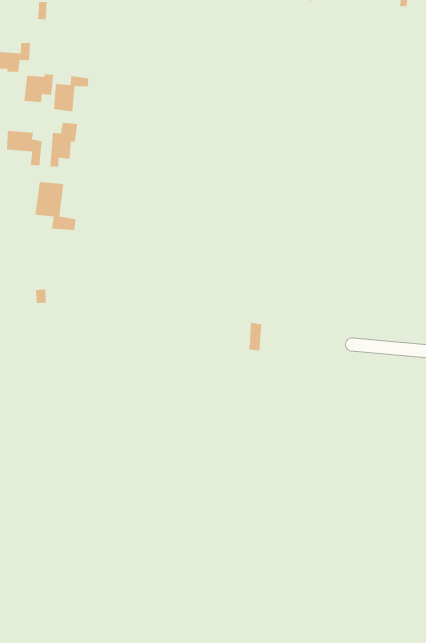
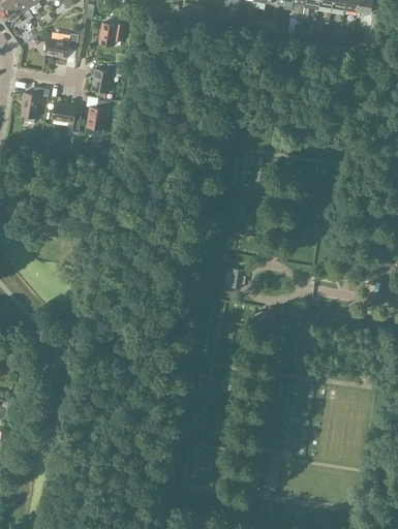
building: [23,74,54,103] -> [98,23,124,45]
building: [35,181,76,231] -> none

